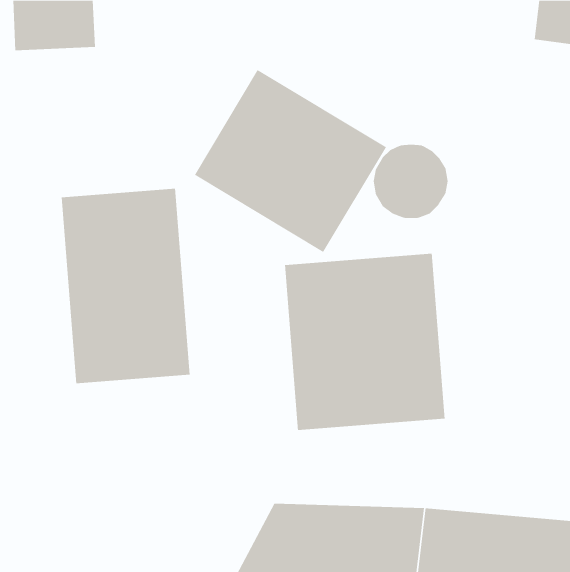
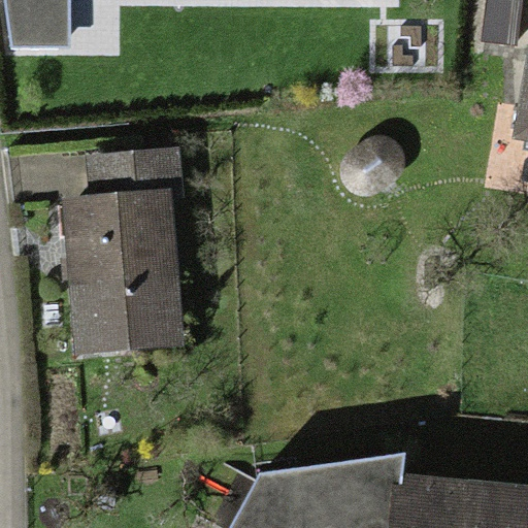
building: [194,69,387,253] -> none
building: [284,253,445,431] -> none

